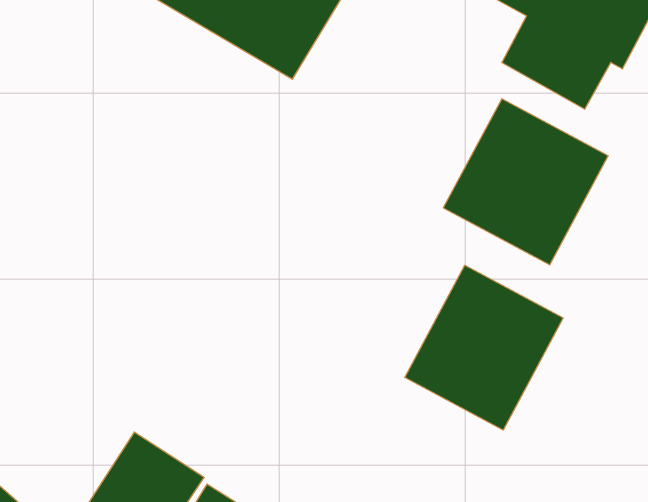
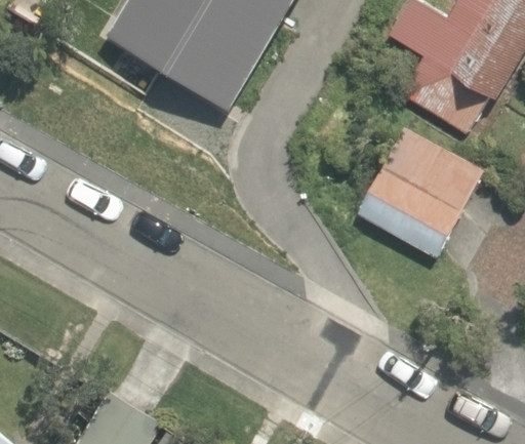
building: [405,265,563,430] -> none

